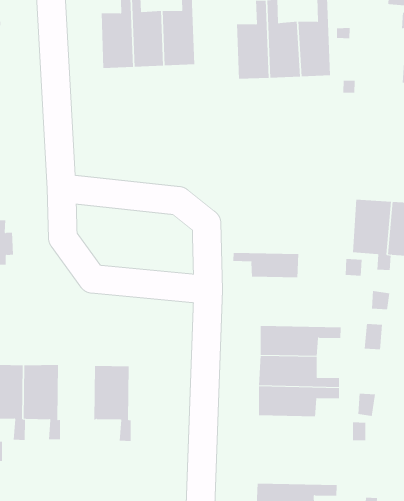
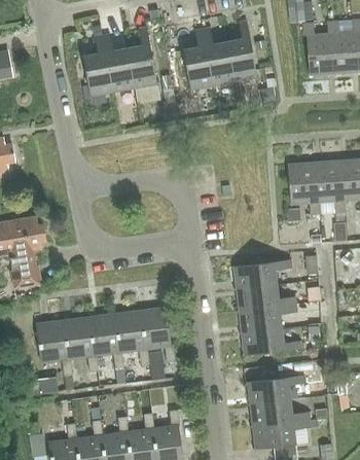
building: [233,252,299,278] -> none
building: none -> [89,313,124,368]
building: none -> [141,307,176,362]
building: none -> [240,327,301,356]

